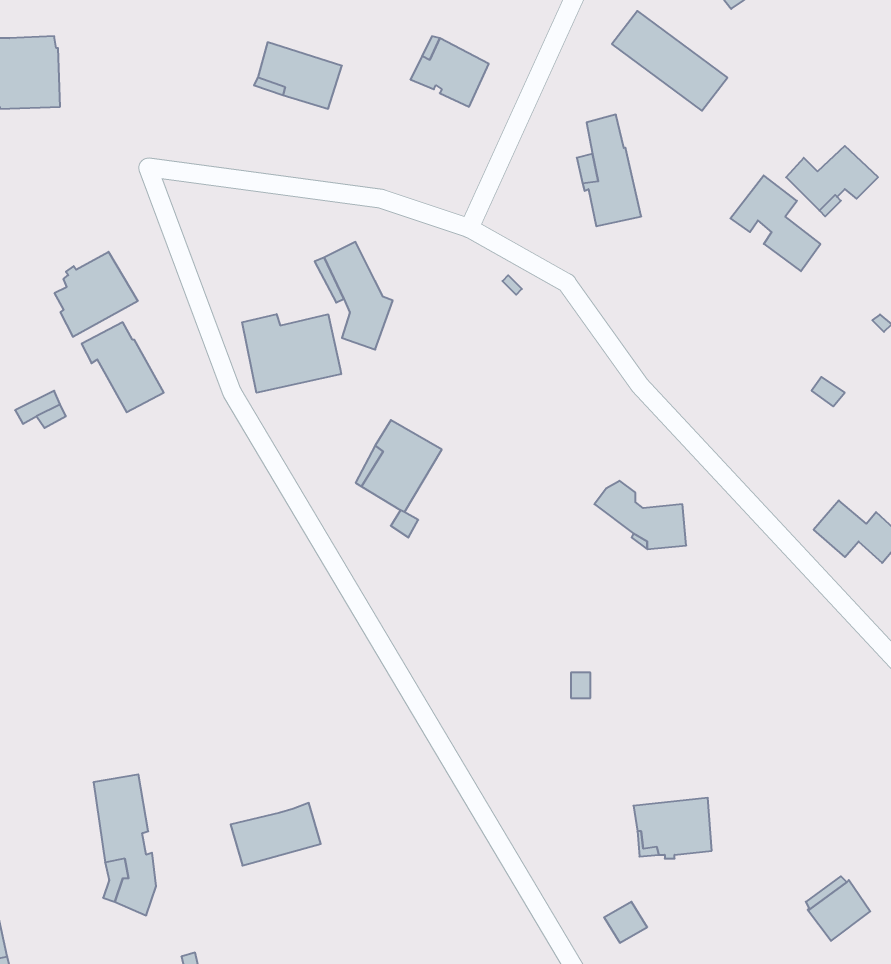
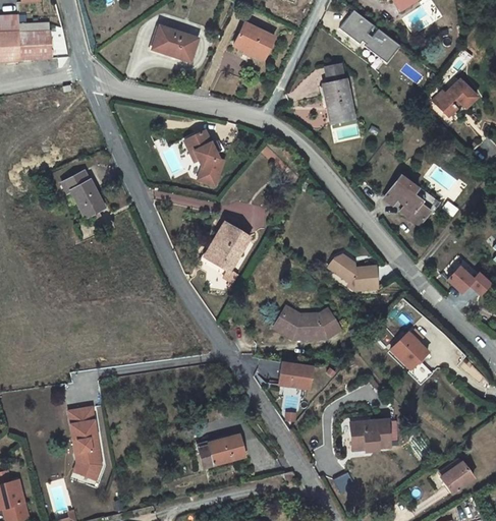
building: [730,175,820,271] -> [384,175,431,225]
building: [55,252,138,337] -> none
building: [242,314,341,393] -> none
building: none -> [276,308,339,336]
building: none -> [392,332,429,368]
building: none -> [279,361,314,389]
building: [231,803,321,866] -> [199,435,245,467]

